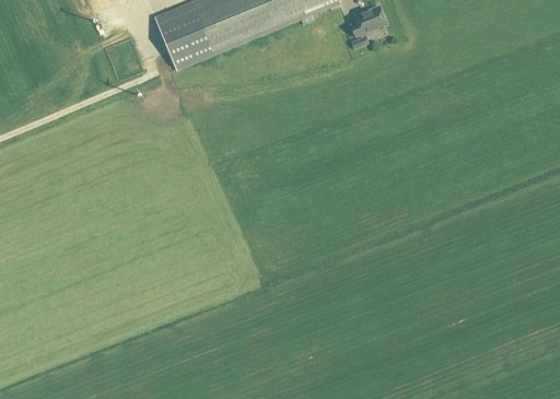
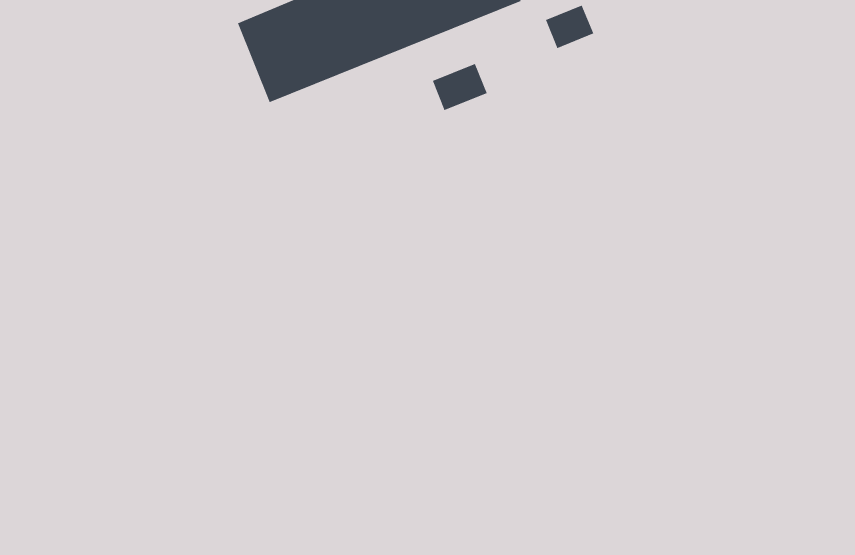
building: none -> [432,63,487,111]

